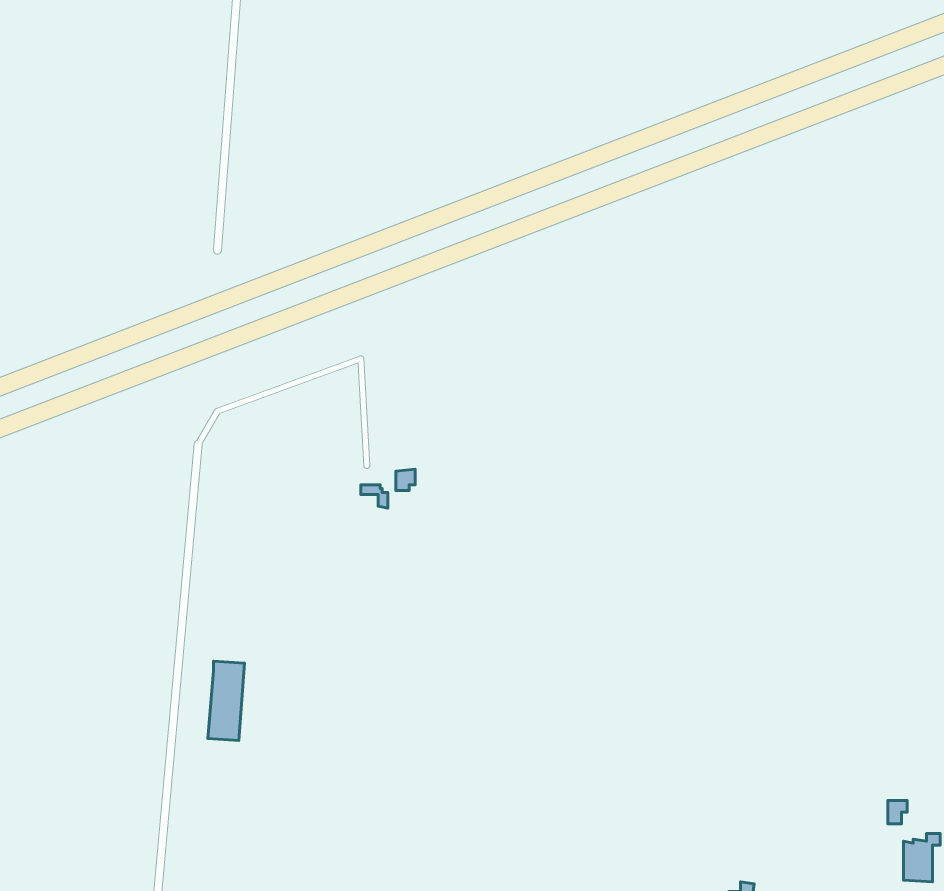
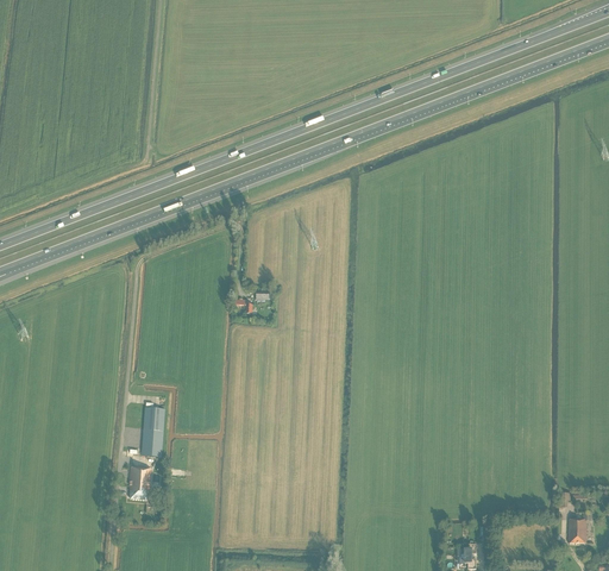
building: none -> [128,464,151,498]

